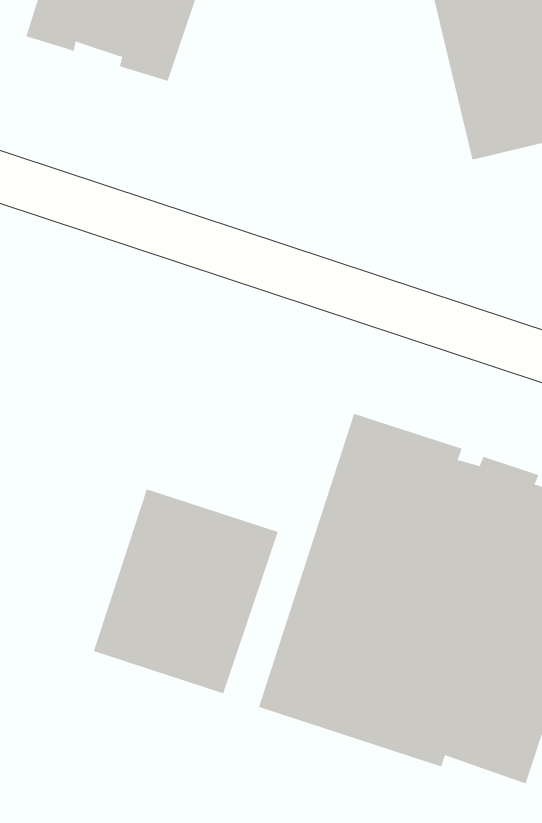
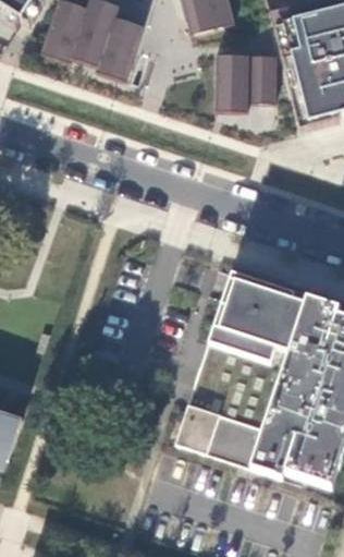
building: none -> [214,52,275,109]
building: [93,488,279,694] -> none

